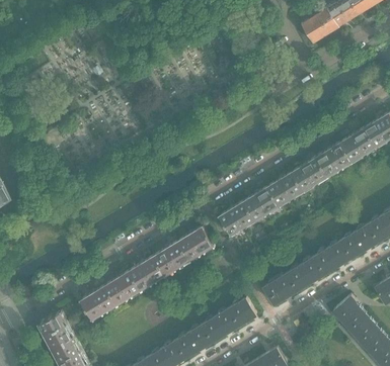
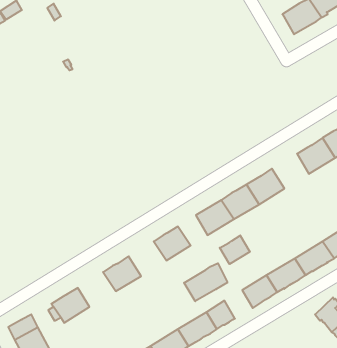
building: [291,158,326,191] -> none
building: none -> [220,235,250,264]
building: [153,242,189,275] -> none
building: none -> [184,263,227,301]
building: [104,271,141,304] -> none

